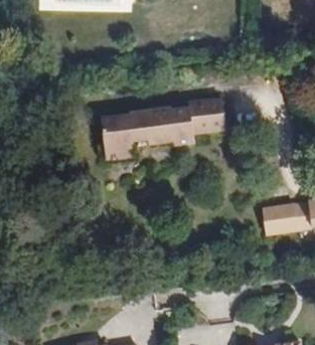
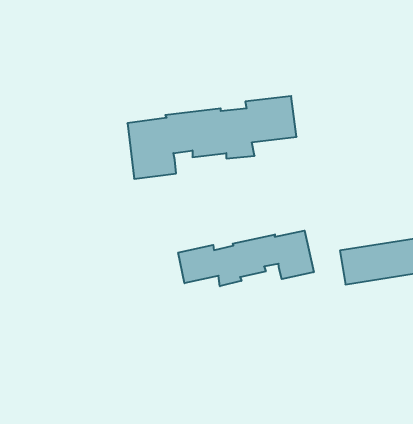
building: none -> [178,231,314,286]

